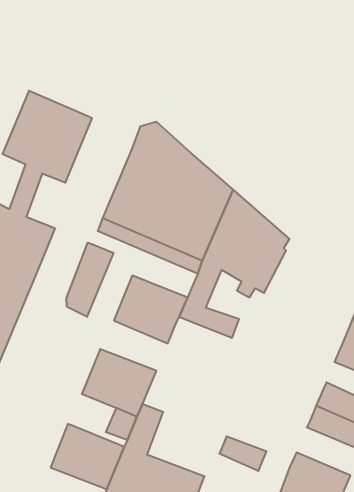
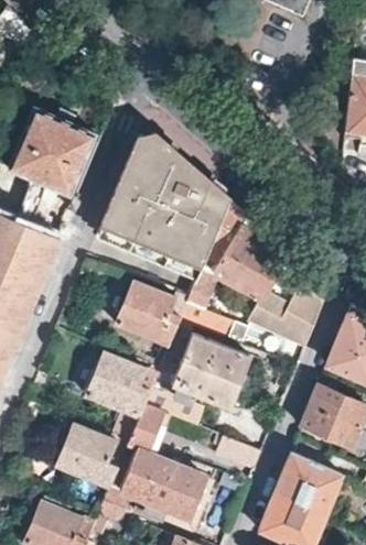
building: [66,243,113,317] -> none
building: none -> [245,295,323,349]
building: none -> [142,328,248,426]

